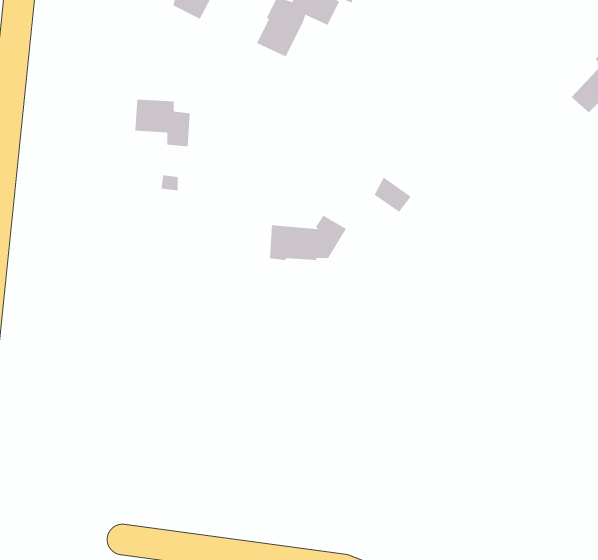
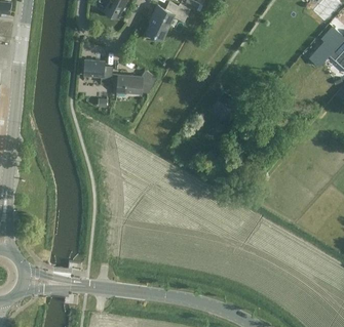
building: [269,215,347,261] -> [116,70,156,93]

